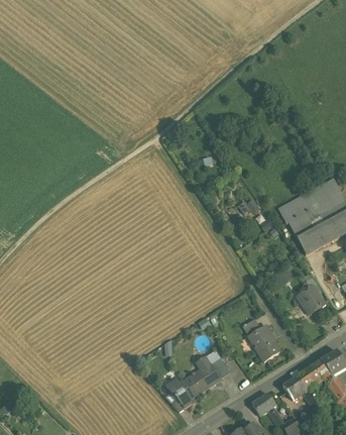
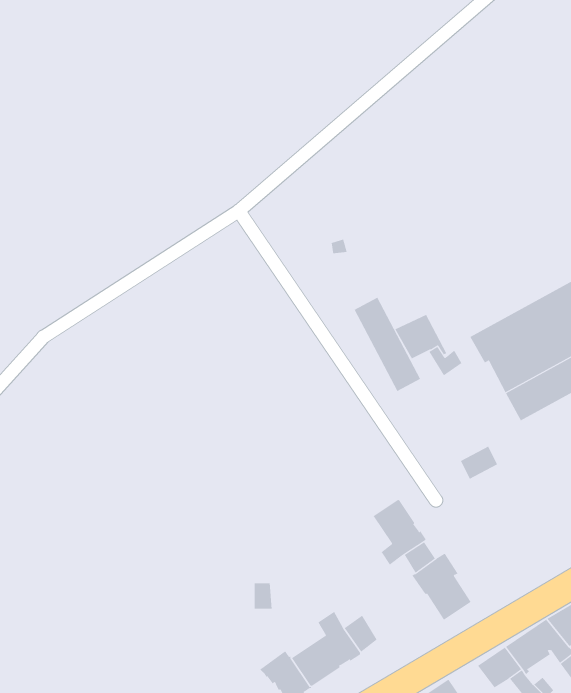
building: none -> [354,297,421,392]
building: [297,286,325,314] -> none
building: none -> [373,499,426,566]

